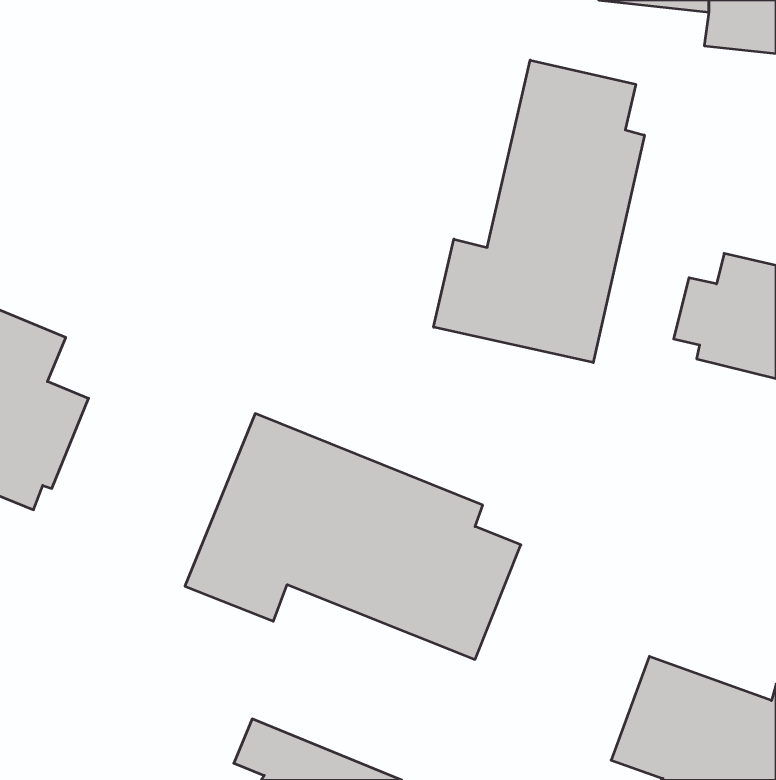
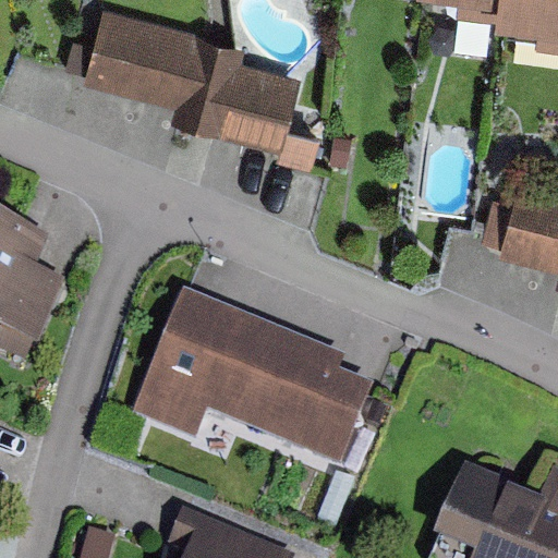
building: none -> [84,8,302,145]
building: [434,60,644,363] -> none

